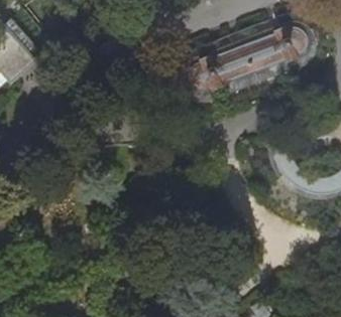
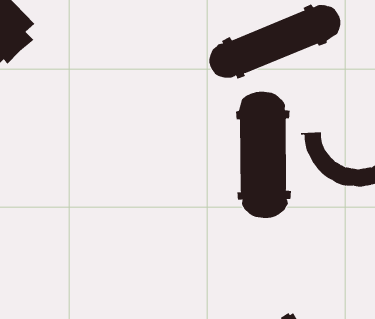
building: none -> [236,91,292,219]

